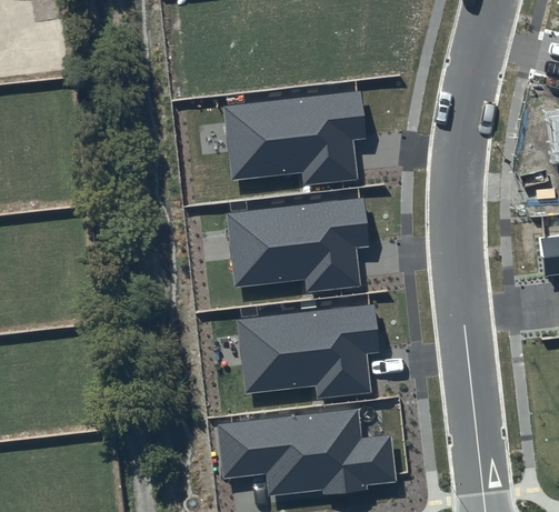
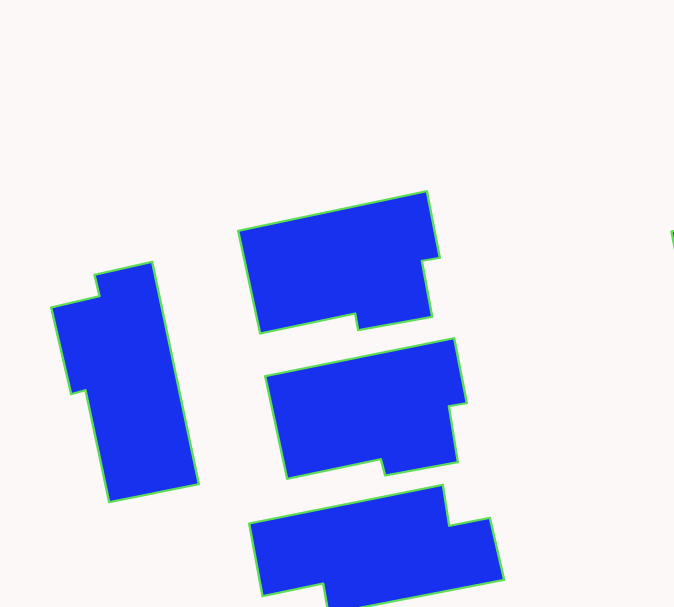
building: [221,89,366,185] -> none
building: none -> [51,262,199,502]

